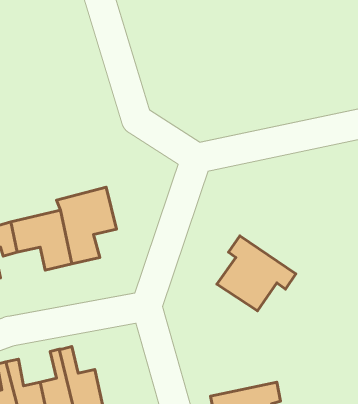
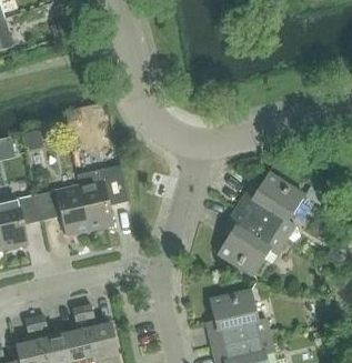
building: none -> [238,171,304,240]
building: none -> [208,289,270,346]

